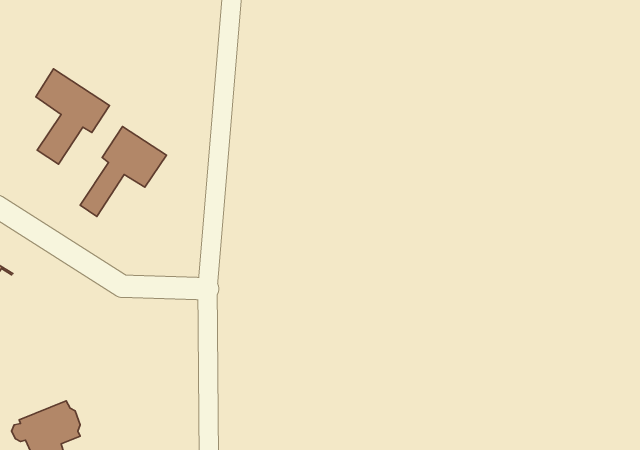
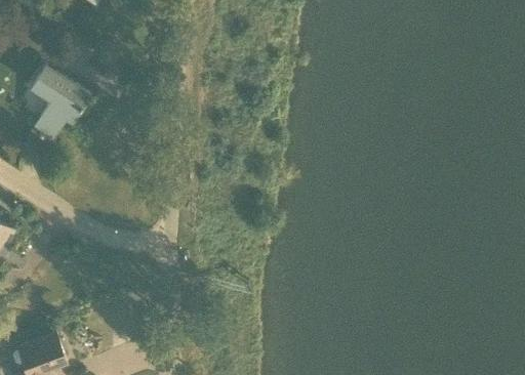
building: [80,126,166,216] -> none

